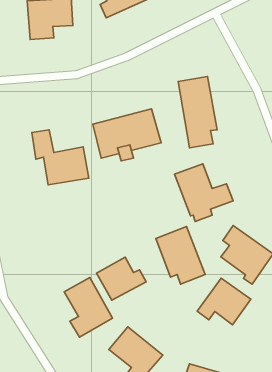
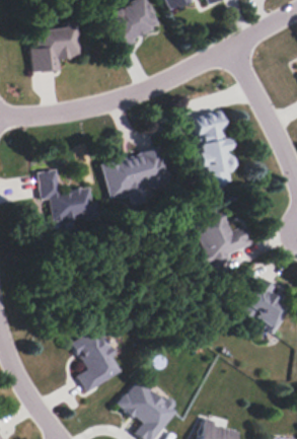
building: [156,226,205,284] -> none
building: [97,257,146,300] -> none
building: [197,278,251,325] -> none

